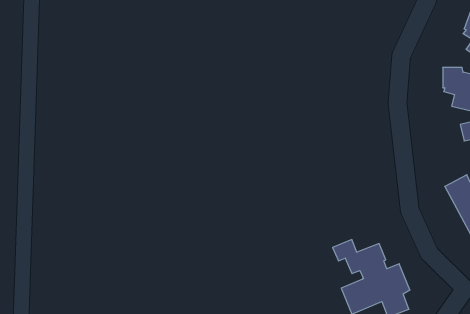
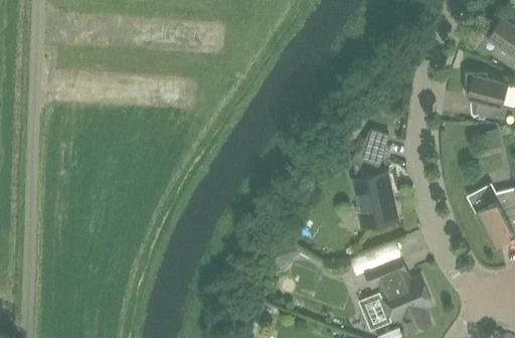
building: none -> [354,130,398,228]

